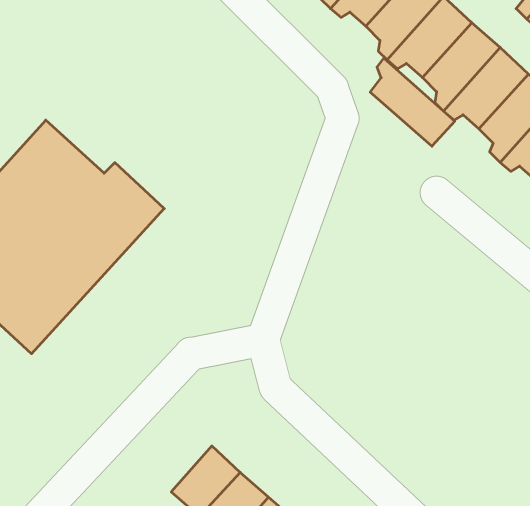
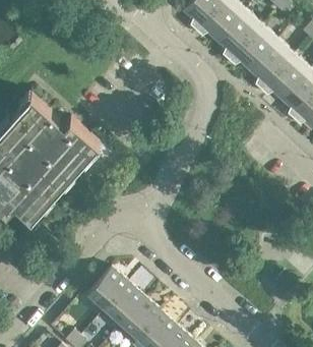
building: [370,58,455,146] -> none
building: none -> [87,267,128,308]

